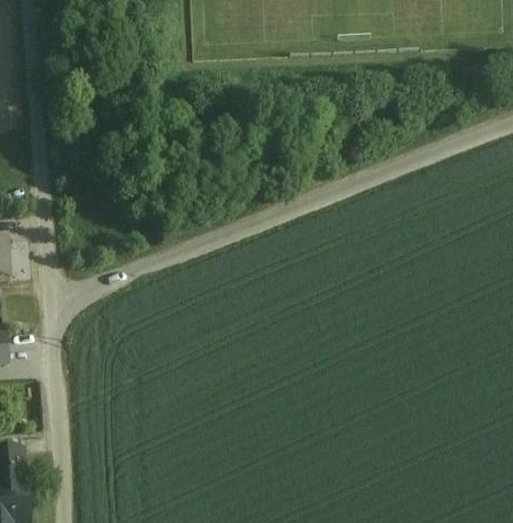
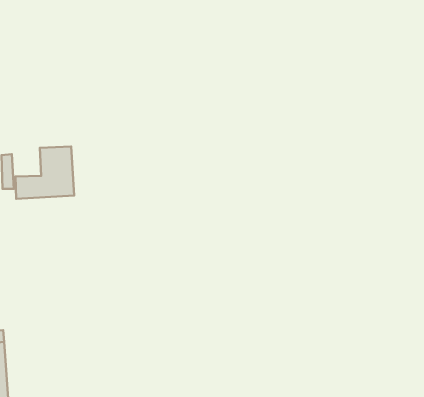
building: none -> [15,146,74,199]

